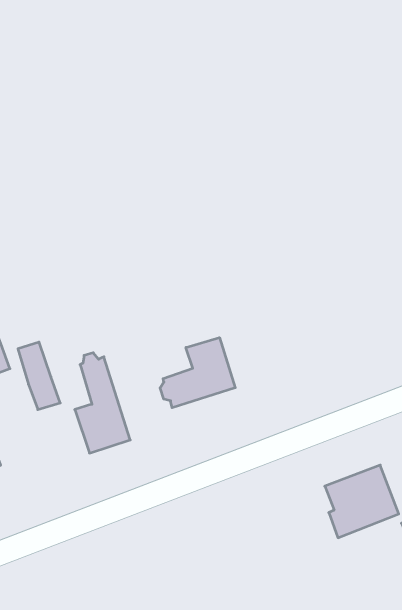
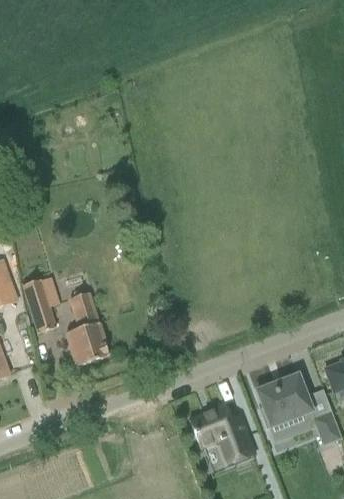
building: [160,338,235,408] -> none
building: none -> [189,402,255,464]

